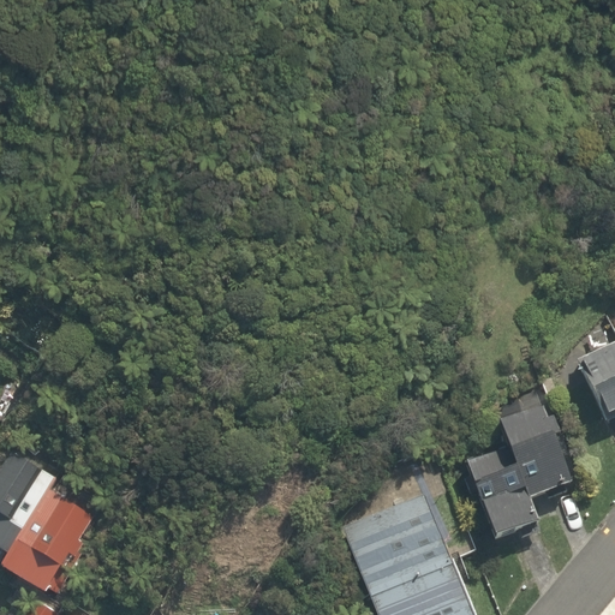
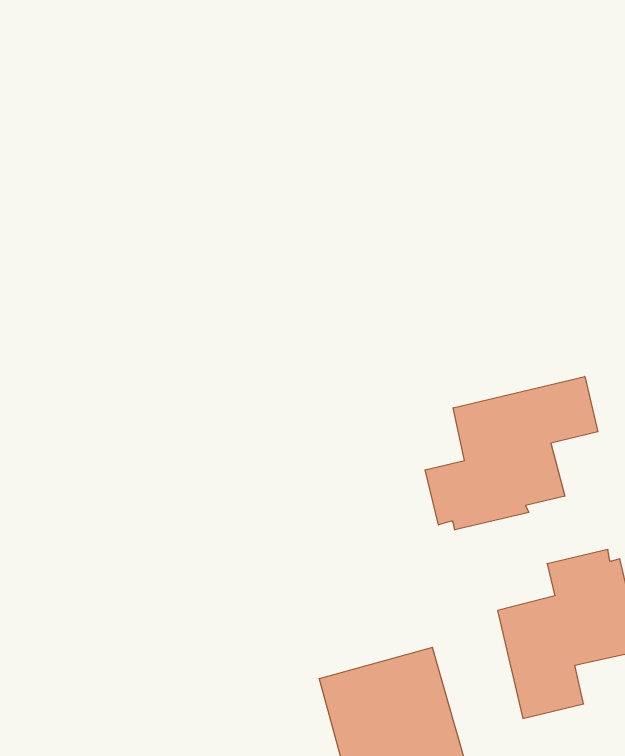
building: none -> [425,376,598,530]

